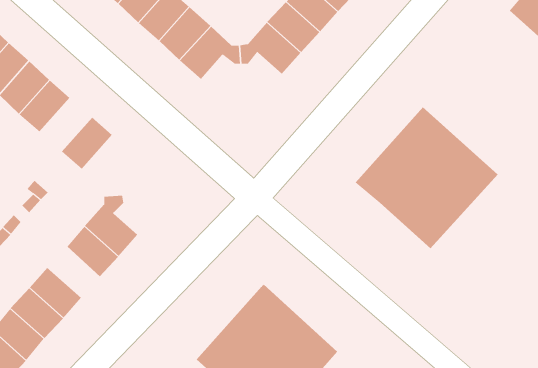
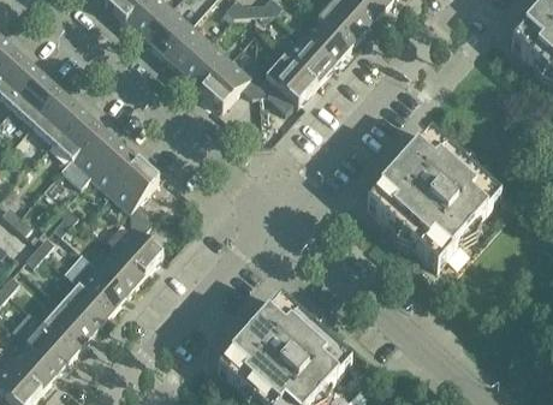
building: none -> [70,125,119,175]
building: none -> [109,160,159,218]
building: none -> [77,264,126,312]

